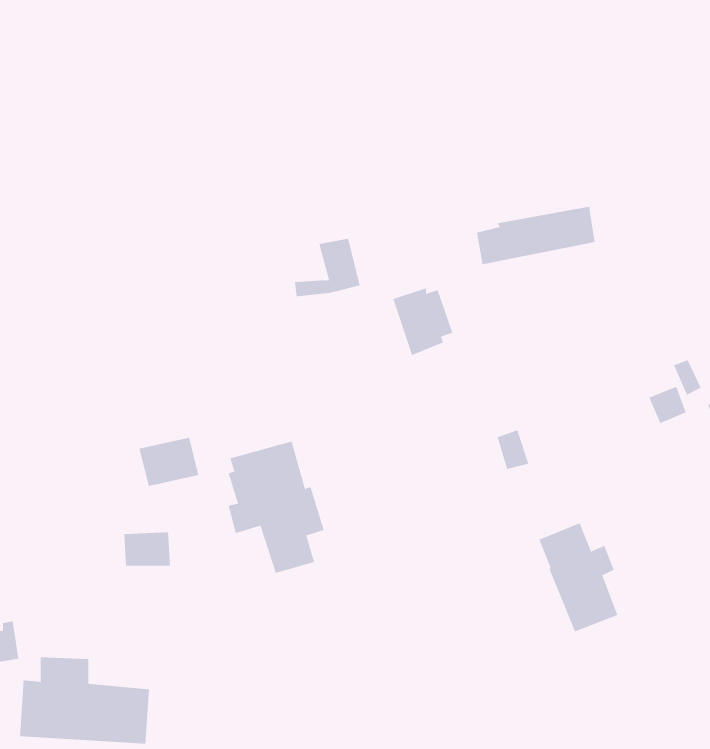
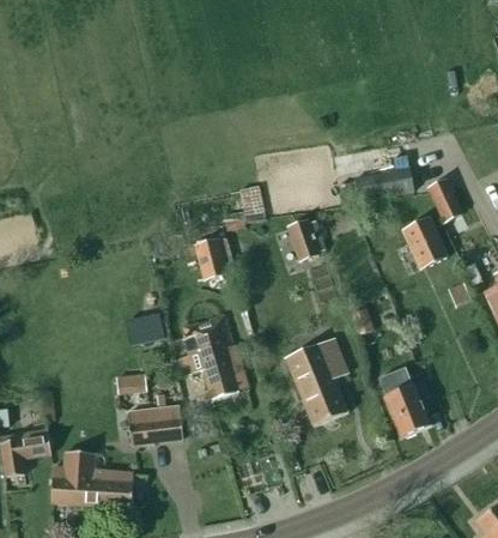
building: none -> [426,177,462,222]
building: none -> [402,218,447,266]
building: none -> [198,240,226,277]
building: none -> [285,338,347,425]
building: none -> [127,405,183,443]

